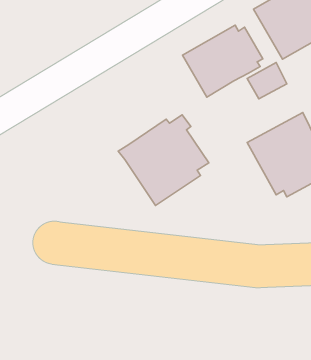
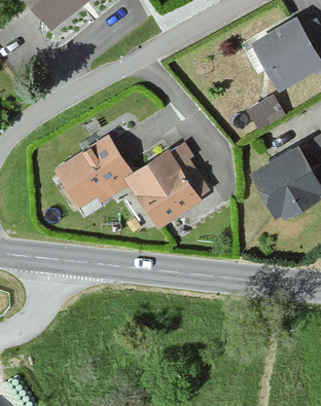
building: [183,25,263,97] -> none
building: none -> [50,133,132,210]

